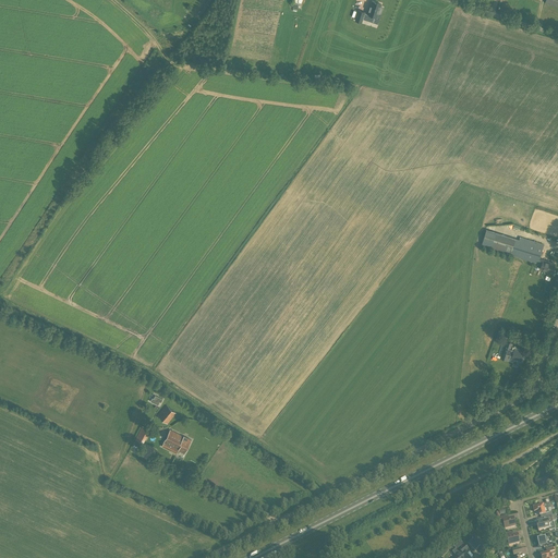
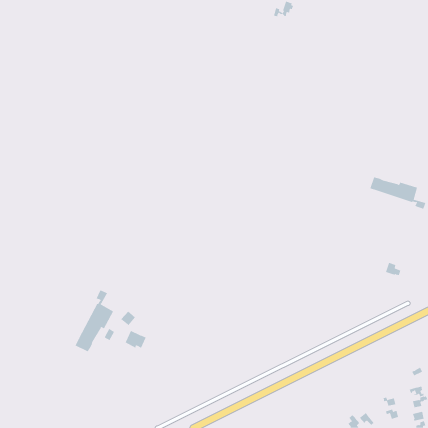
building: none -> [75,289,114,352]

